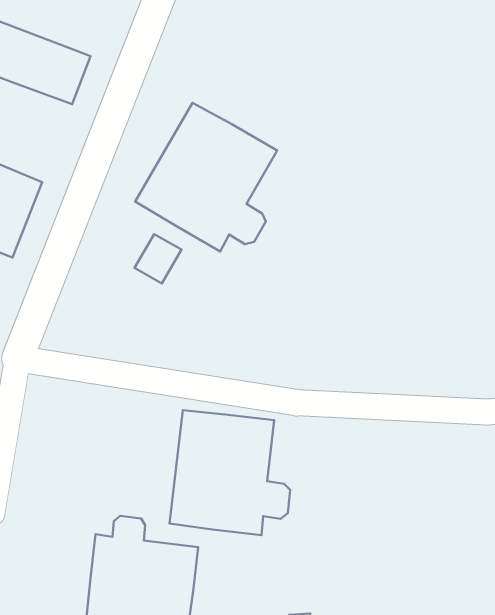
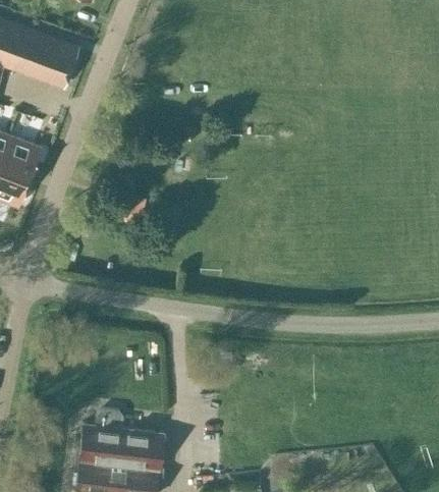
building: [135,103,277,251] -> none
building: [169,410,290,535] -> none

